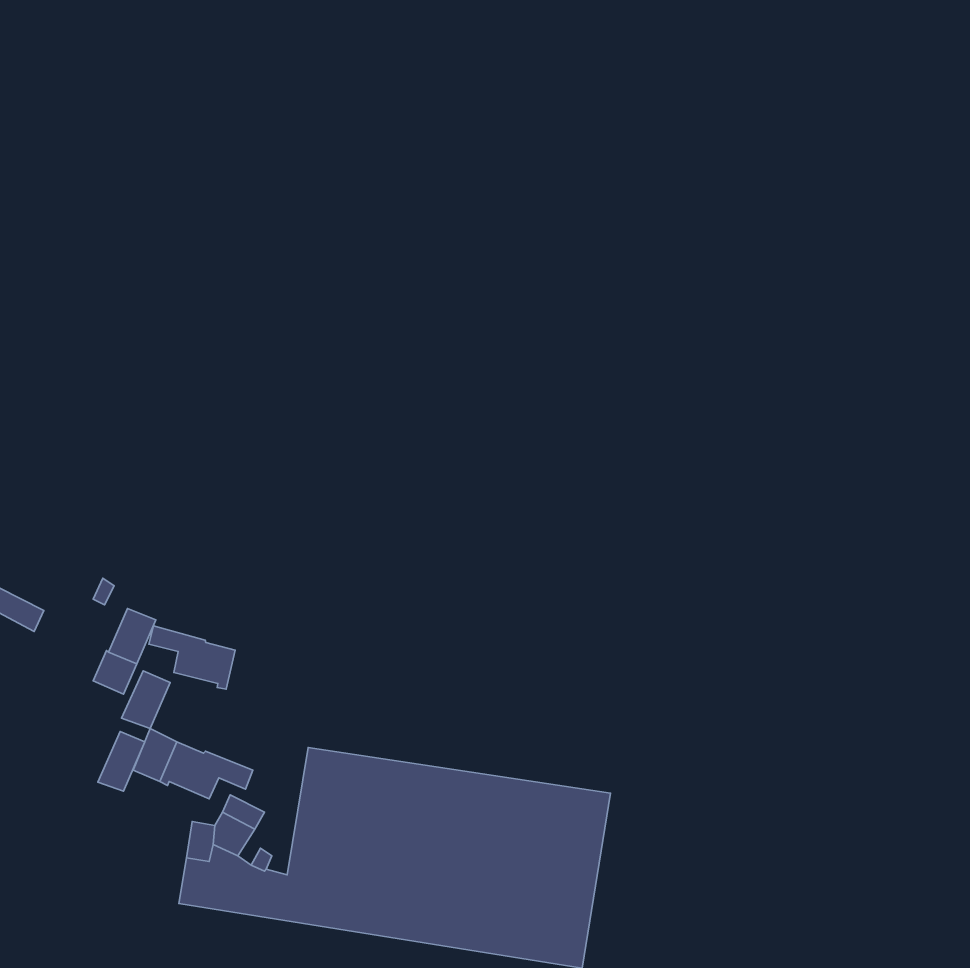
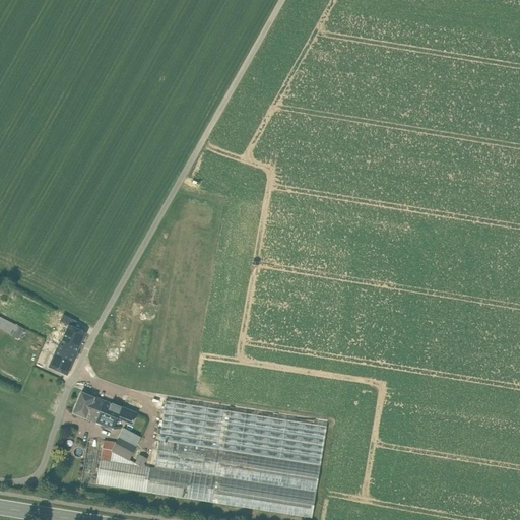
building: [149,626,235,689] -> none
building: [122,671,170,728] -> none
building: [98,731,145,791] -> none

